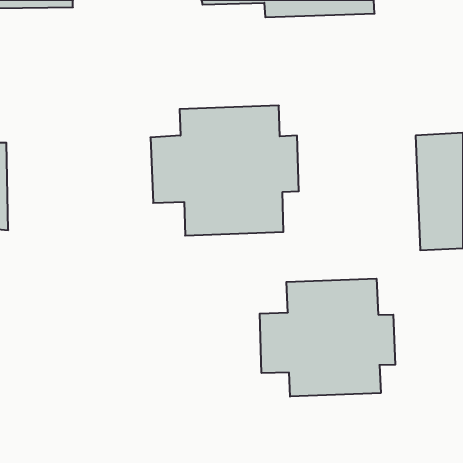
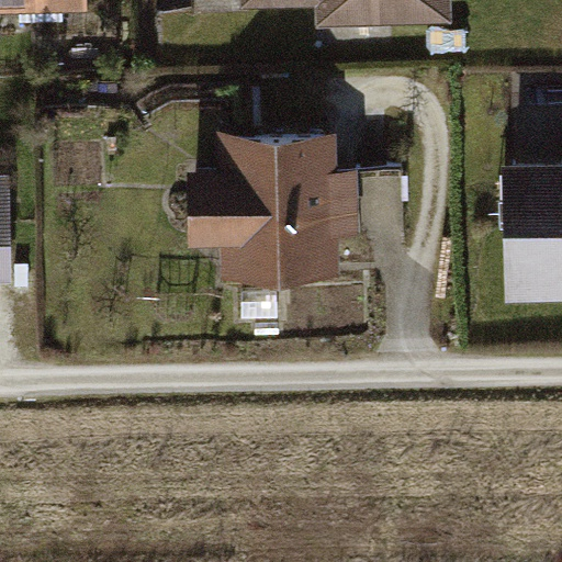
building: [260,279,395,397] -> none

